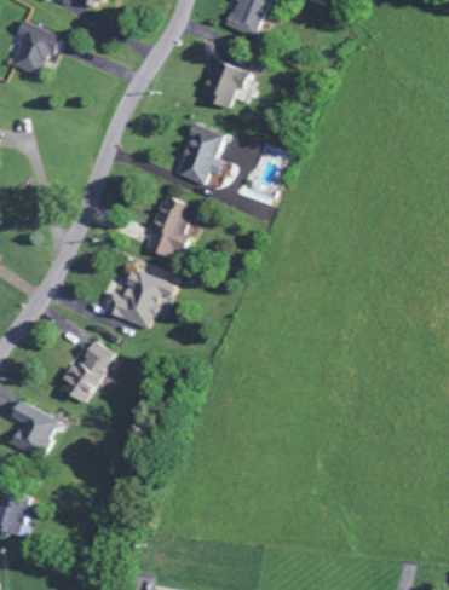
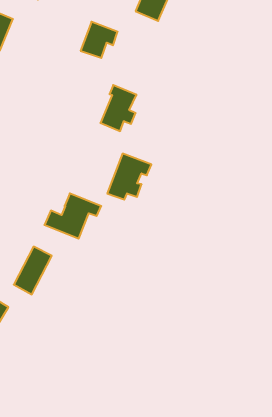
building: [202,59,252,108] -> [81,22,118,58]
building: [143,195,202,256] -> [107,154,151,200]

